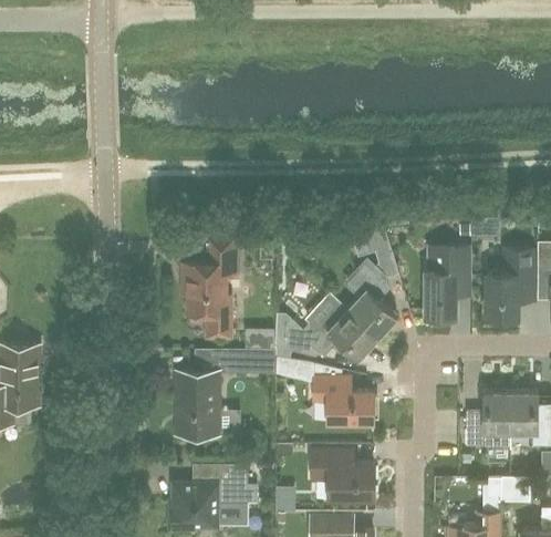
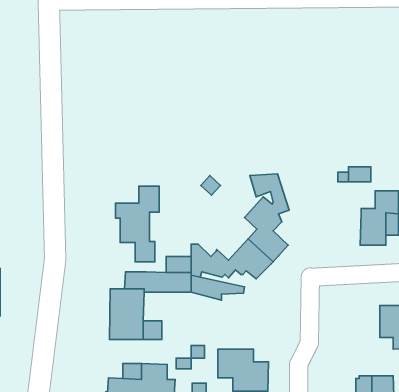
building: [426,245,472,317] -> none
building: [304,293,347,335] -> none
building: [314,376,374,421] -> none
building: [466,392,511,450] -> none

